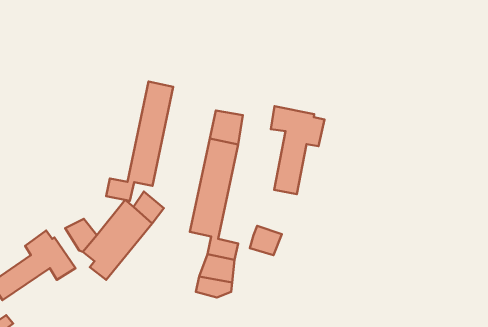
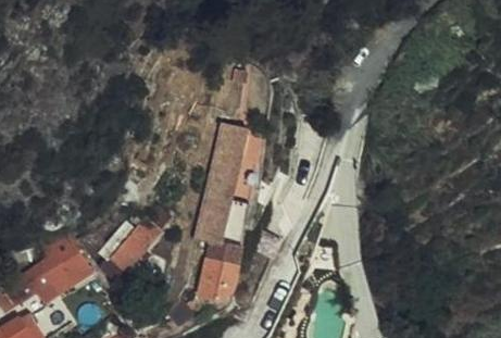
building: [106,82,173,201] -> none
building: [271,106,325,194] -> none

